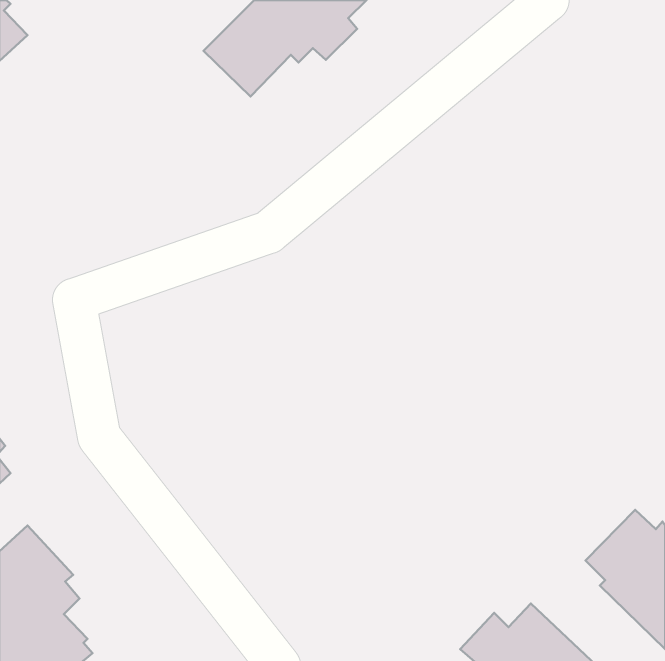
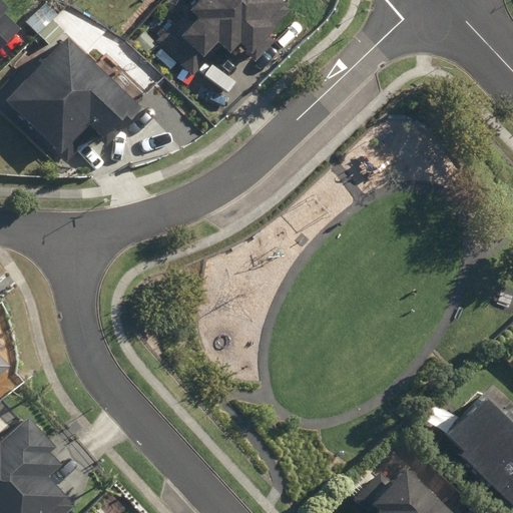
building: none -> [6,36,142,152]

